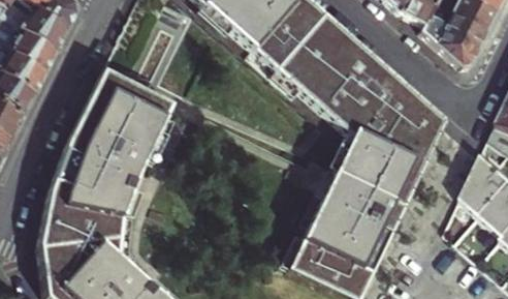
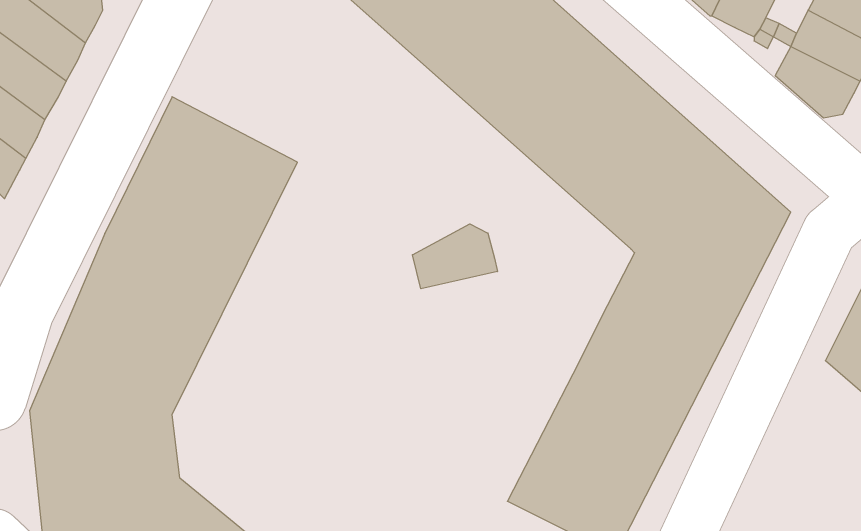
building: none -> [412,224,497,289]

